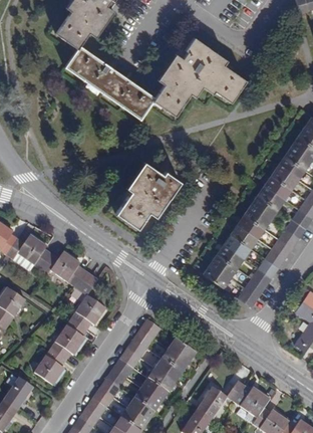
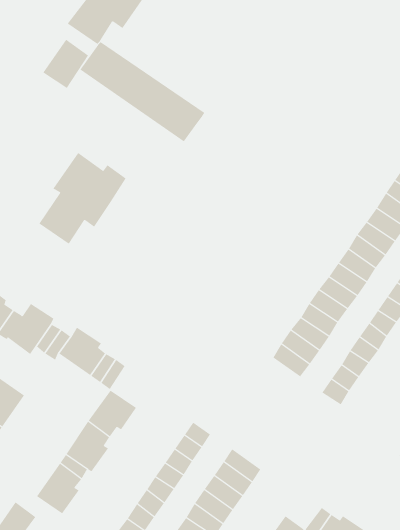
building: [153,35,246,115] -> none
building: none -> [43,39,89,89]
building: [116,161,180,227] -> [39,152,127,244]

